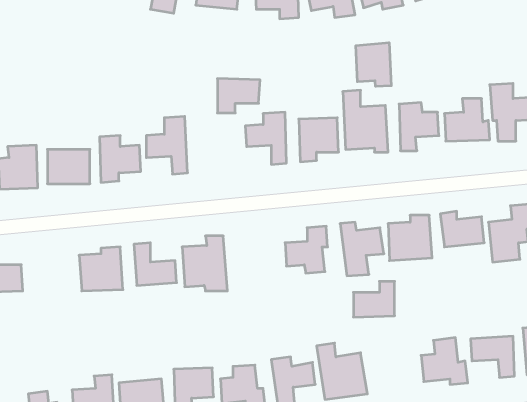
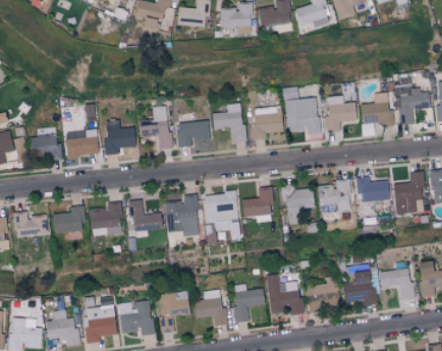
building: [356,43,391,86] -> none
building: [217,79,260,113] -> [178,121,210,147]
building: none -> [206,193,238,230]
building: none -> [53,206,85,233]
building: [353,281,395,317] -> [308,277,338,303]

